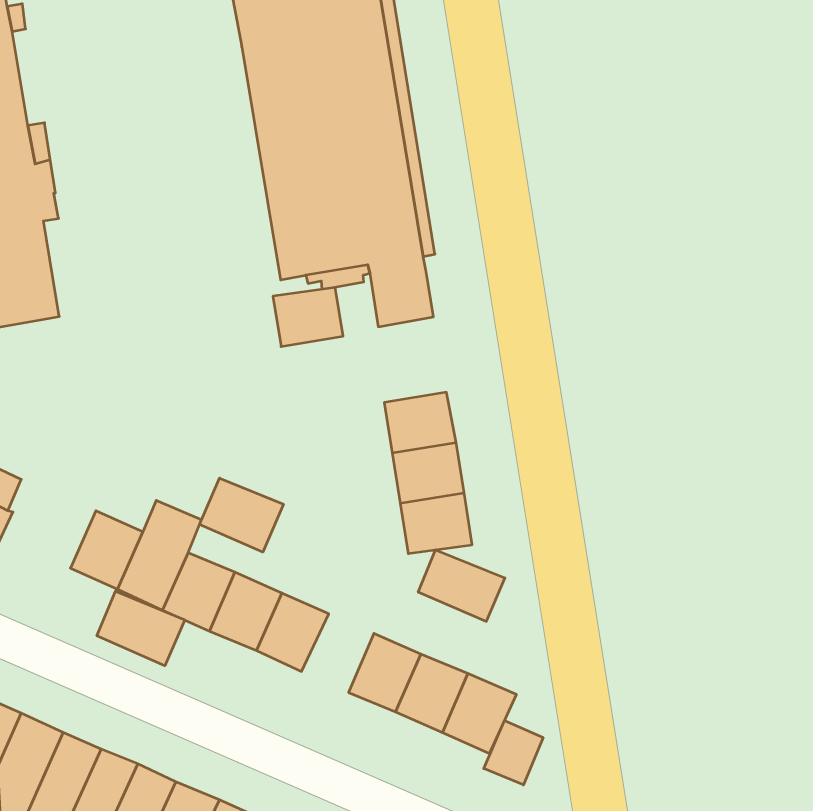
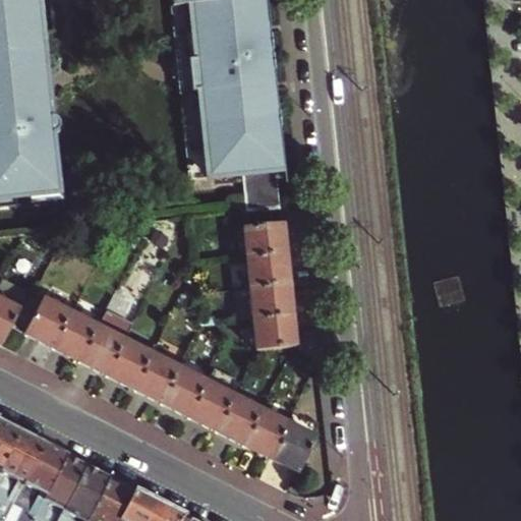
building: [273,288,343,347] -> [245,222,286,255]
building: [200,478,283,552] -> none
building: none -> [25,296,71,344]
building: [418,550,505,621] -> none
building: [97,591,185,666] -> none
building: none -> [189,381,234,428]
building: [484,720,543,785] -> none

